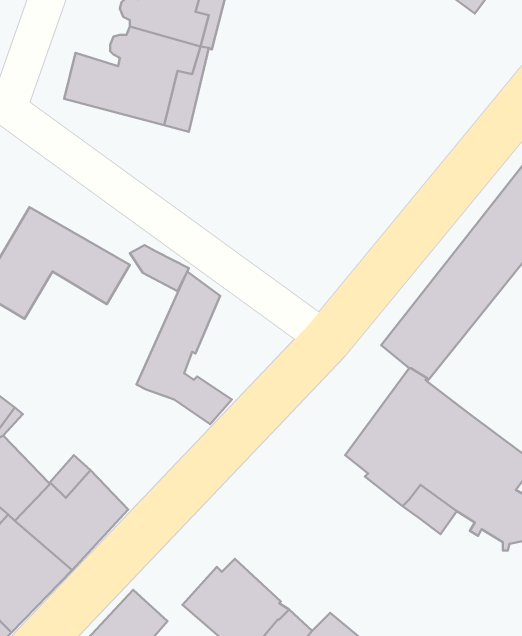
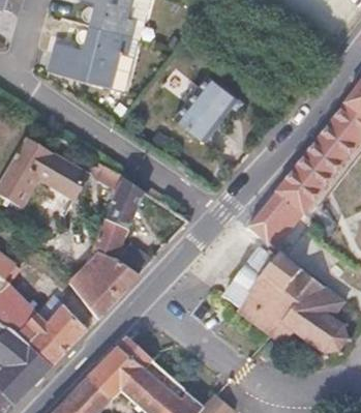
building: none -> [174,75,237,142]
building: none -> [68,254,139,319]
building: none -> [90,338,154,400]

